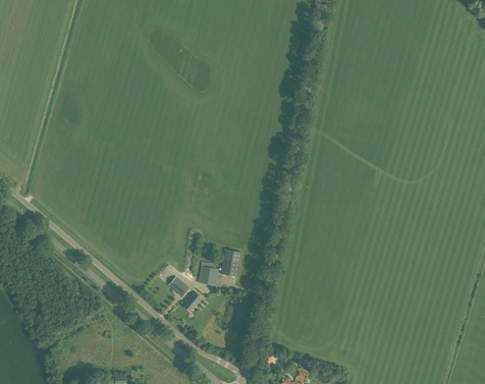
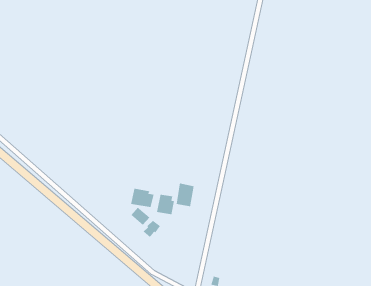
building: none -> [131,188,154,208]

